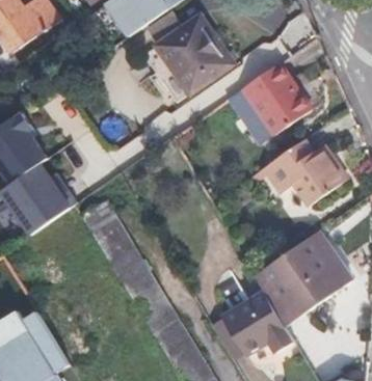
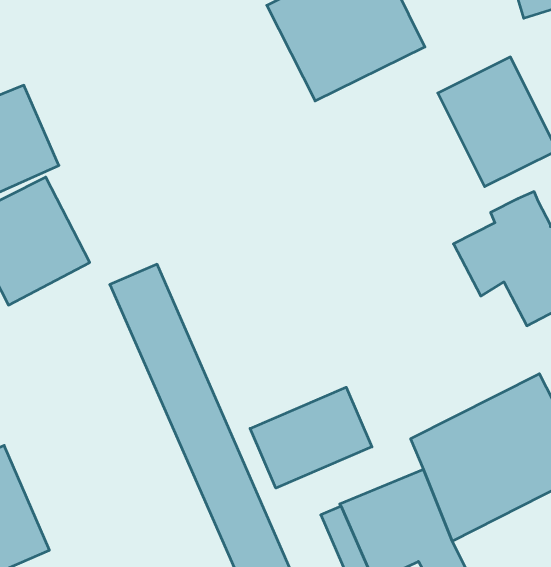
building: none -> [250,387,372,488]

